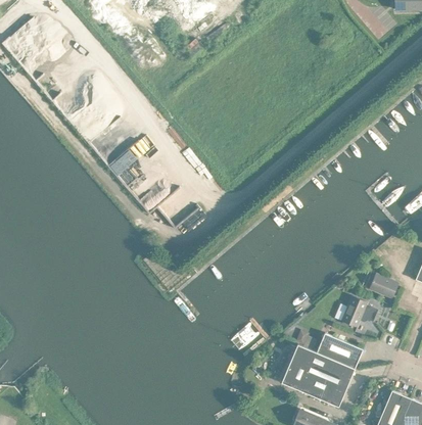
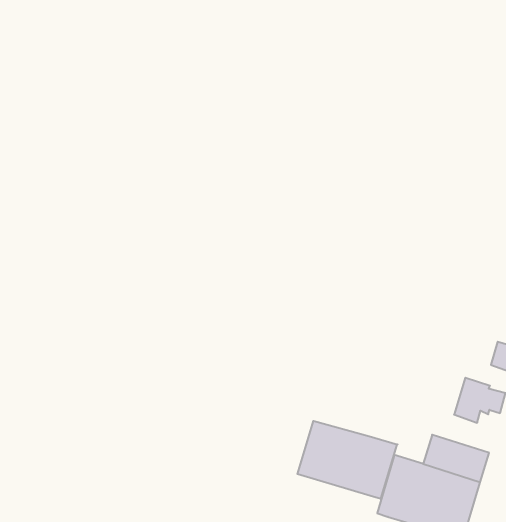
building: none -> [297,421,398,499]

